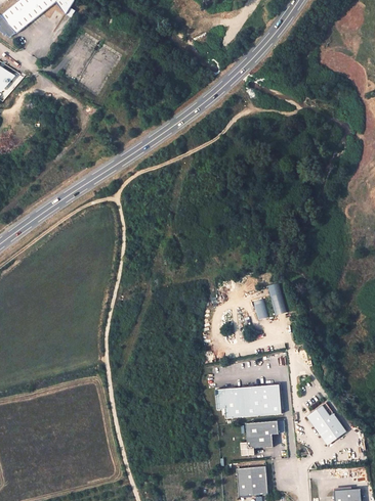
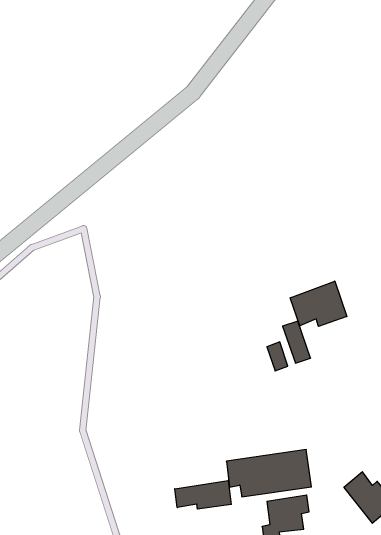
building: none -> [290,281,347,326]
building: none -> [175,480,231,509]

